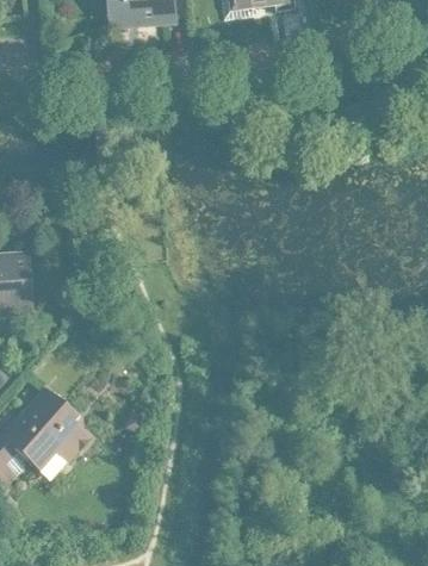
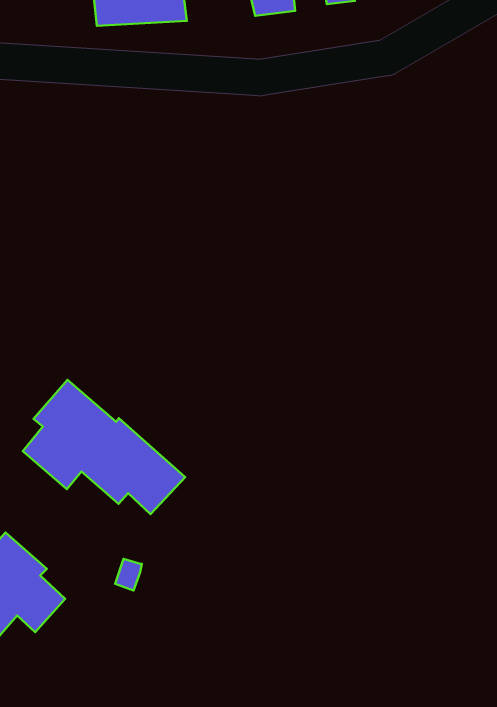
building: none -> [23,380,185,514]

